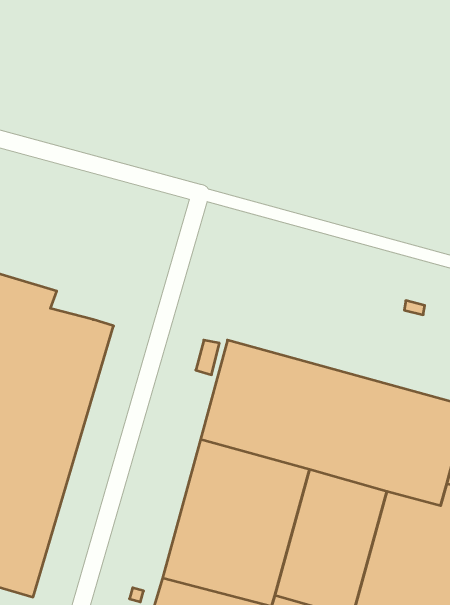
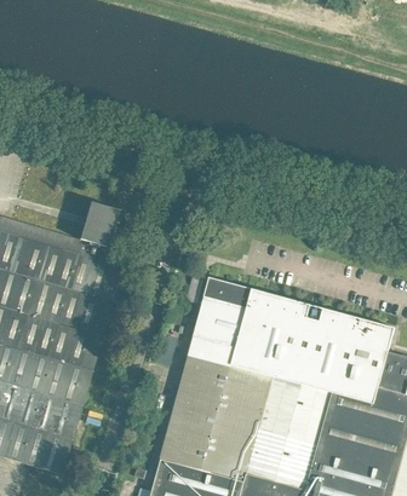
building: none -> [75,202,119,261]

